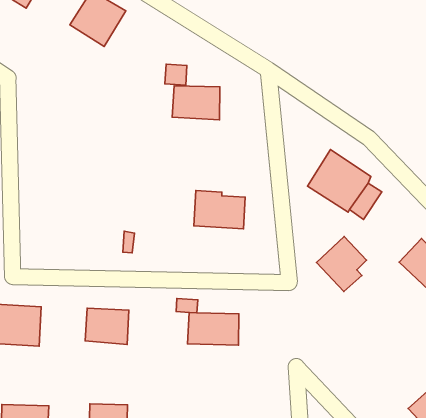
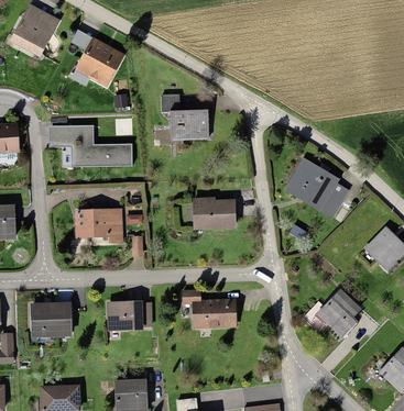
building: none -> [63,121,134,163]
building: none -> [75,209,122,240]
building: [317,236,367,292] -> [318,290,360,336]

